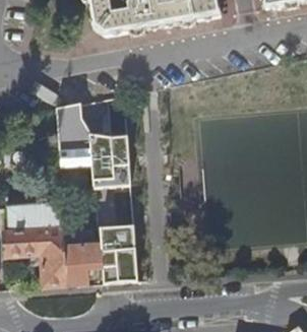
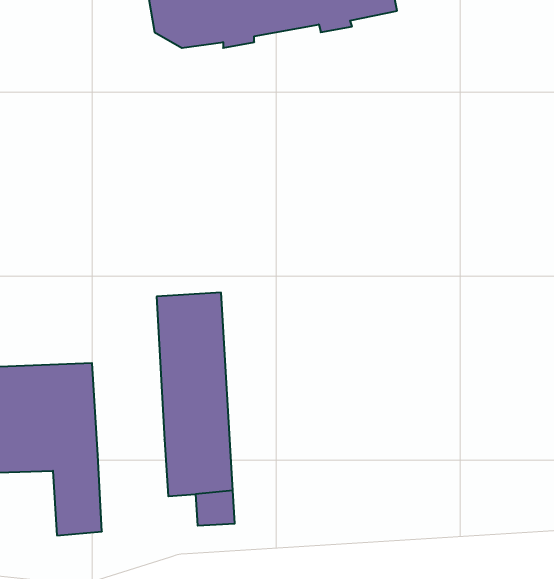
building: [55,93,127,165] -> none
building: [63,238,100,285] -> none

